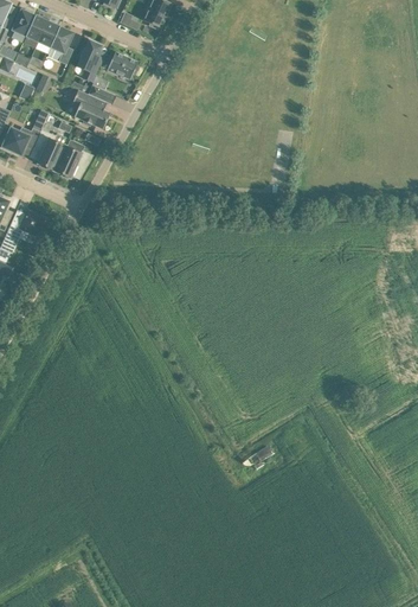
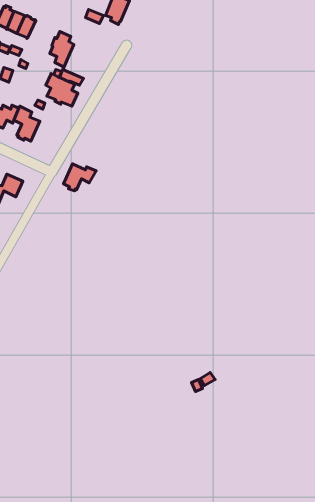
building: [51,26,73,64] -> none
building: [101,51,139,78] -> none
building: [54,146,94,178] -> [63,164,96,191]

